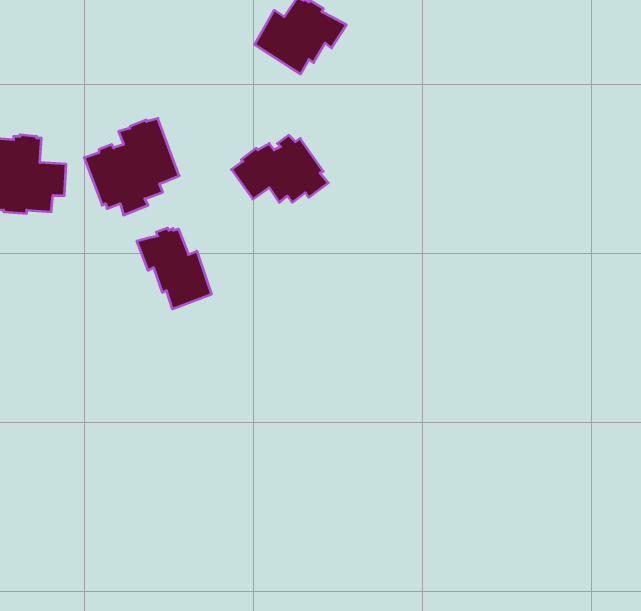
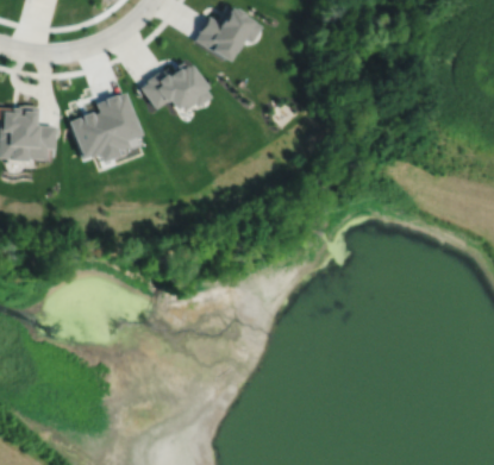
building: [231,135,328,202] -> [139,63,210,112]
building: [137,228,211,309] -> none

